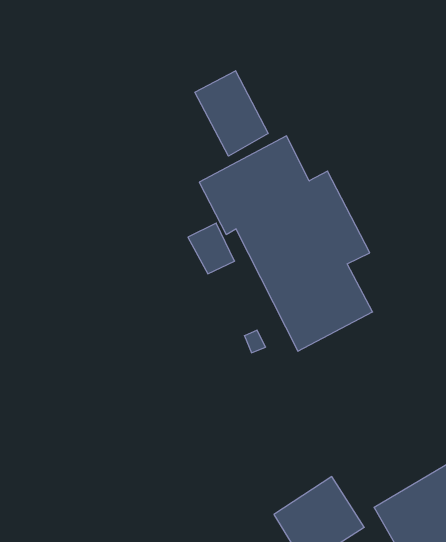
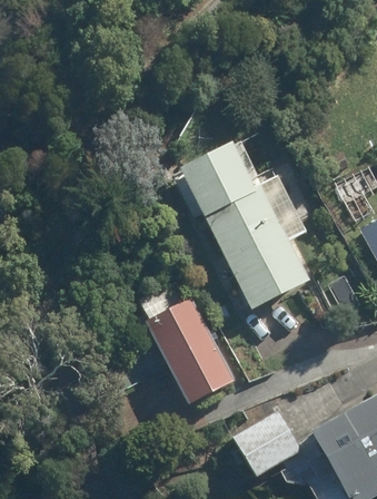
building: [195,71,268,156] -> none
building: none -> [136,296,232,404]

